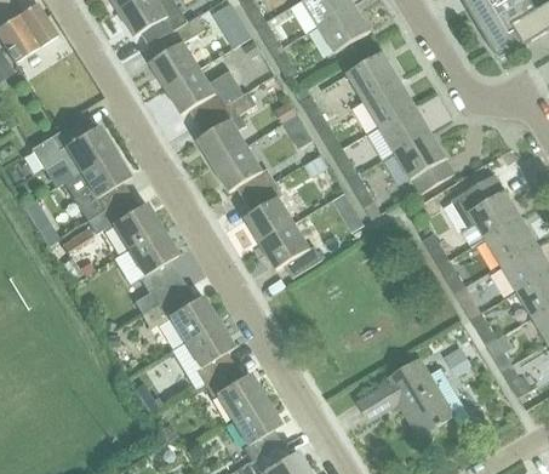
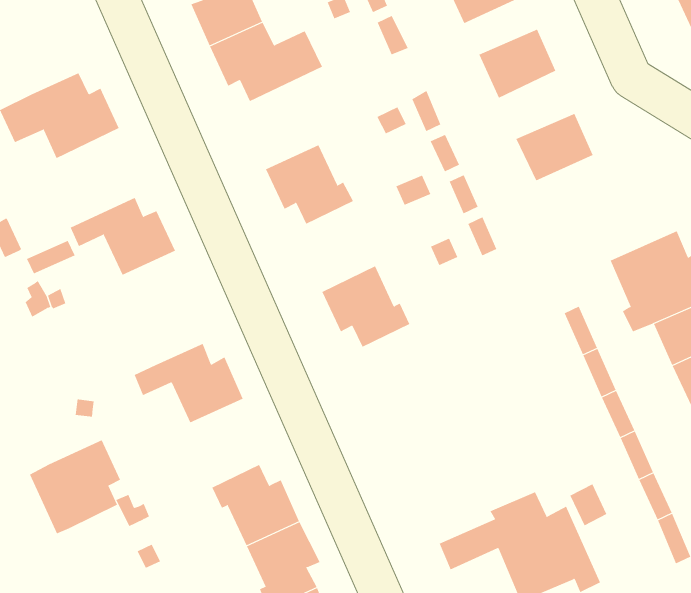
building: [364,78,416,126] -> none
building: [198,91,257,166] -> none
building: [395,131,454,193] -> none
building: [63,150,128,221] -> none
building: [245,181,294,244] -> none
building: [126,228,185,314] -> none
building: [171,321,233,388] -> [29,440,121,534]

